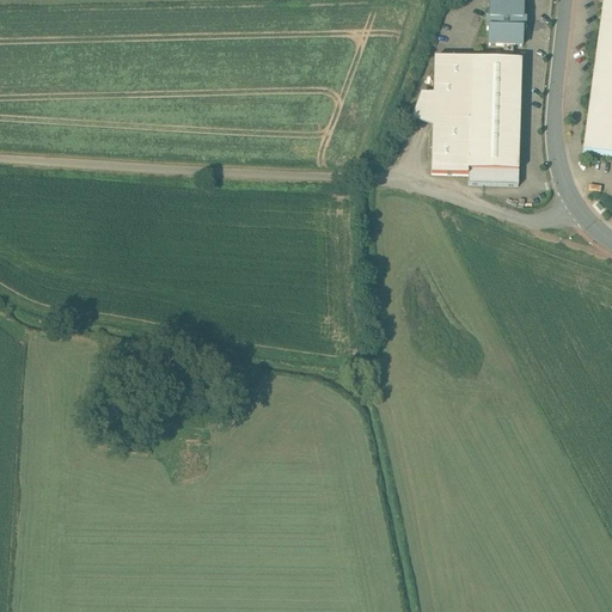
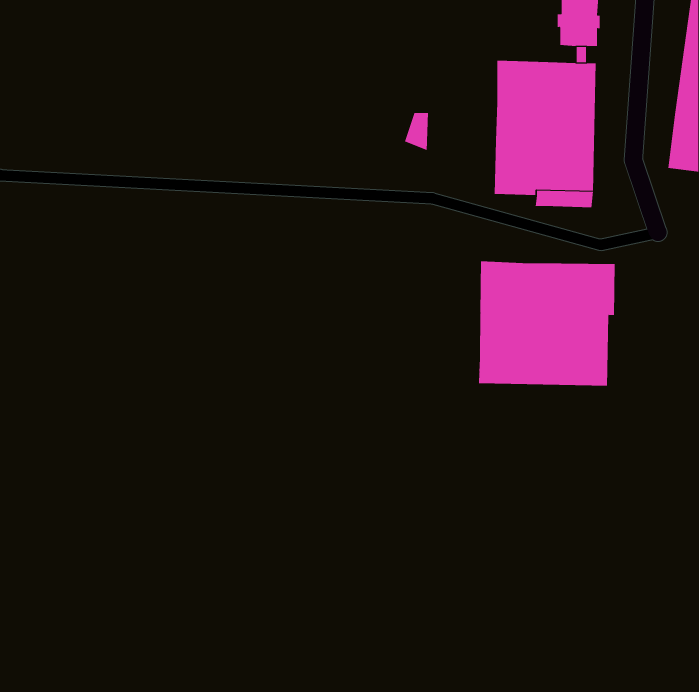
building: [412,90,434,123] -> [404,113,429,151]
building: none -> [478,261,615,387]

